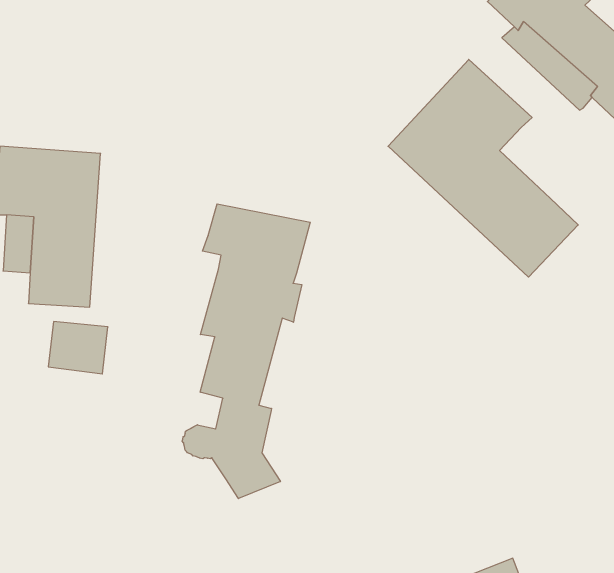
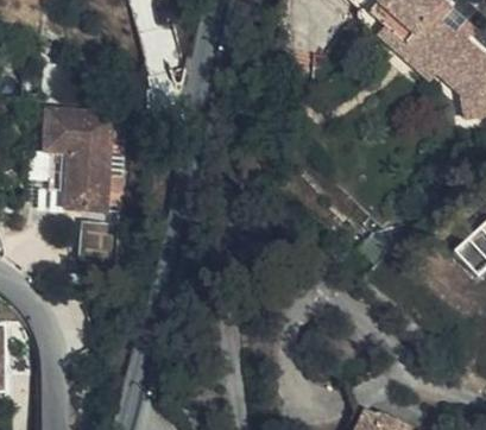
building: [388,59,578,277] -> none
building: [182,204,310,499] -> none

